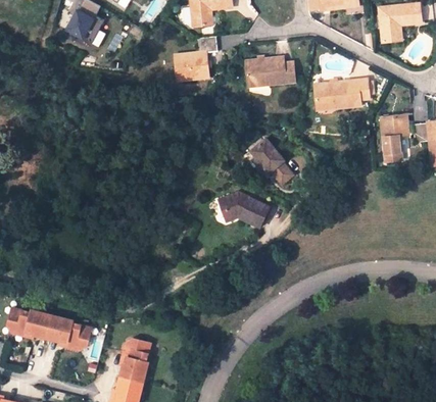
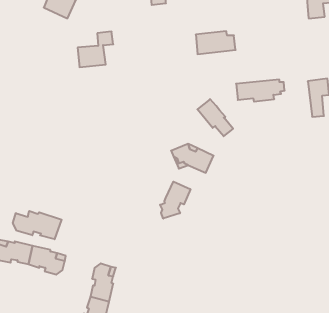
building: [176,37,219,80] -> [78,32,113,67]
building: [316,81,374,107] -> [236,80,285,102]
building: none -> [160,182,190,219]
building: none -> [13,211,62,239]

